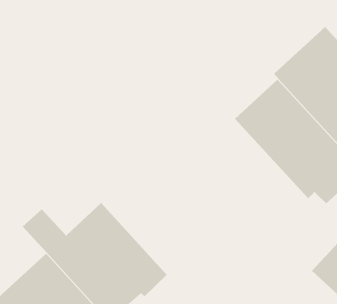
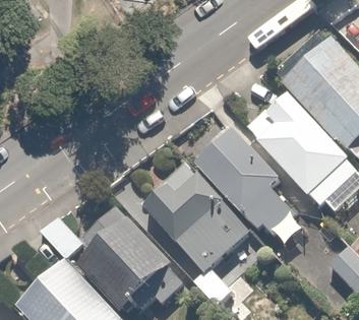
building: none -> [194,127,303,244]
building: none -> [141,165,249,272]

